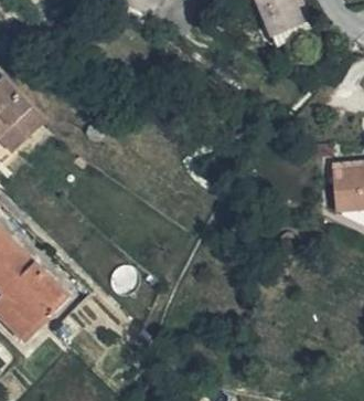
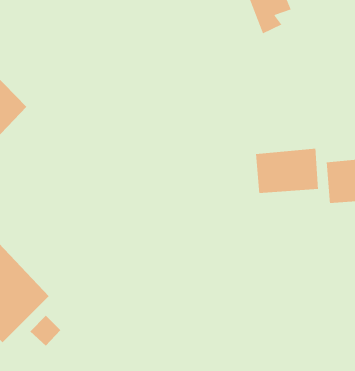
building: none -> [255,148,319,194]

